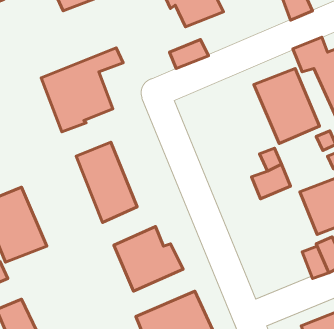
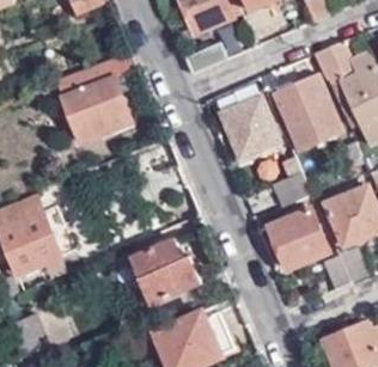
building: none -> [222,97,279,157]
building: [76,142,137,222] -> none
building: none -> [269,207,329,271]

